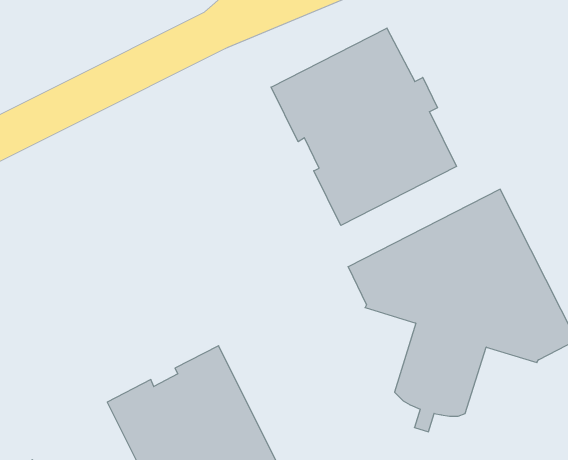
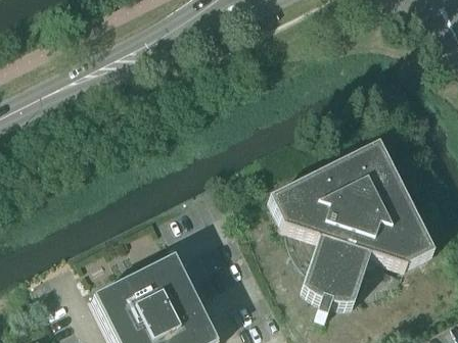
building: [271,28,457,225] -> none

